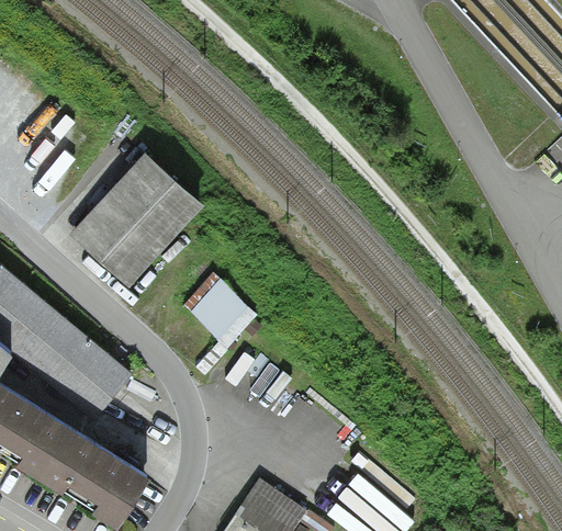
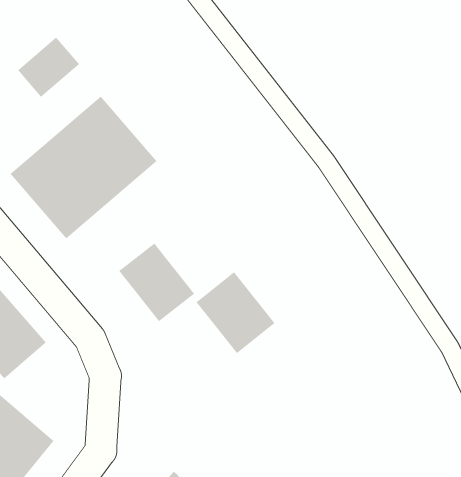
building: none -> [17,37,80,98]
building: none -> [195,271,275,354]

